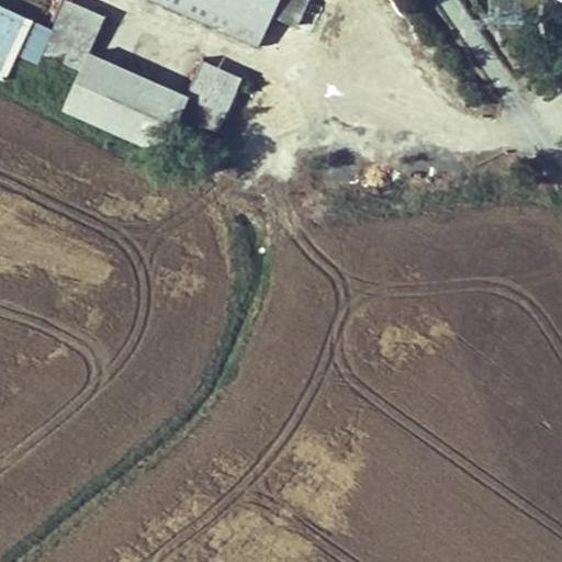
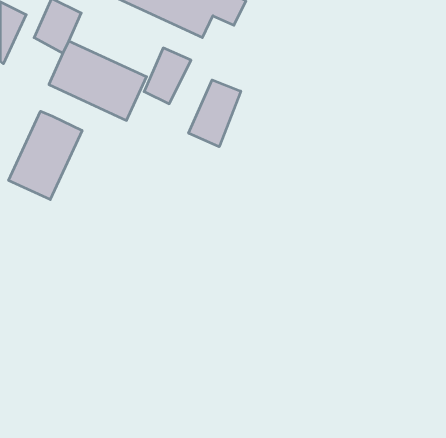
building: none -> [189,80,241,147]
building: none -> [9,111,82,200]

